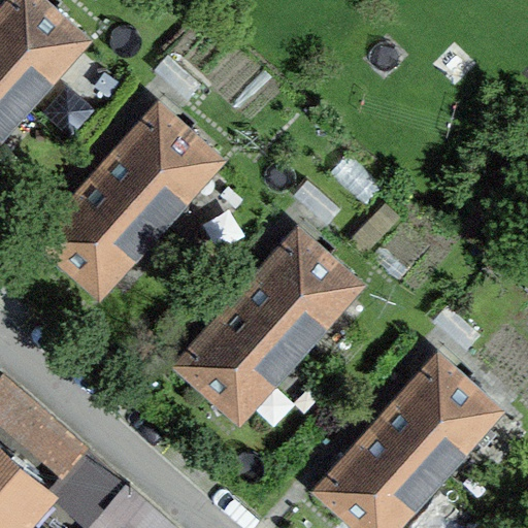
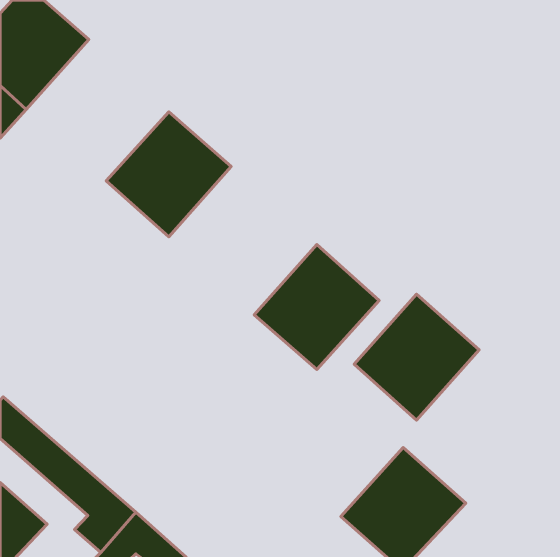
building: [41,173,159,292] -> none
building: [180,299,298,417] -> none
building: [380,358,497,476] -> [354,294,479,420]

